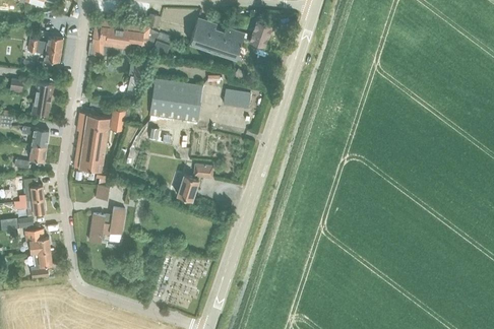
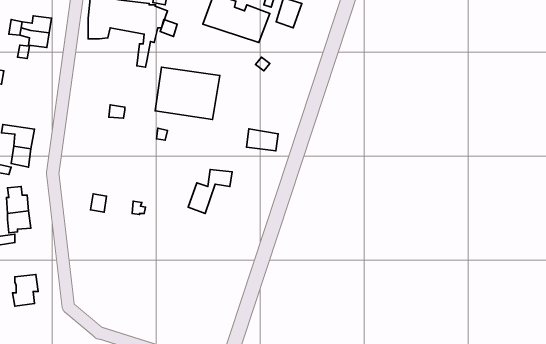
building: [32,81,56,116] -> none
building: [224,88,250,107] -> [246,129,278,151]
building: [74,112,109,171] -> none
building: [88,207,124,243] -> none
building: [24,228,50,253] -> none

